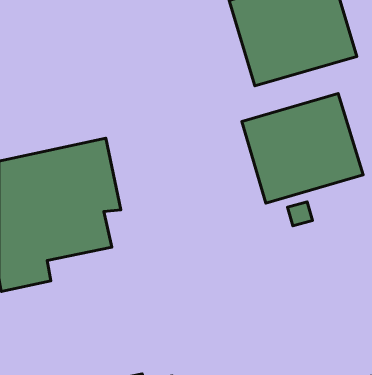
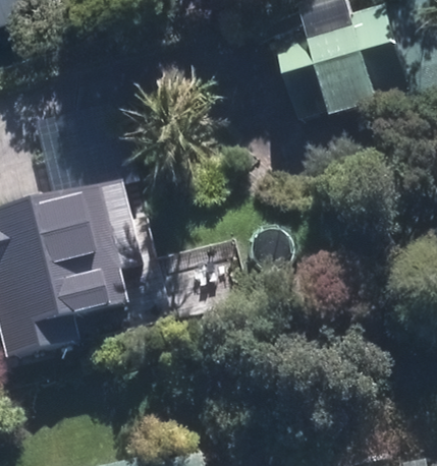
building: [242,94,363,203] -> none

